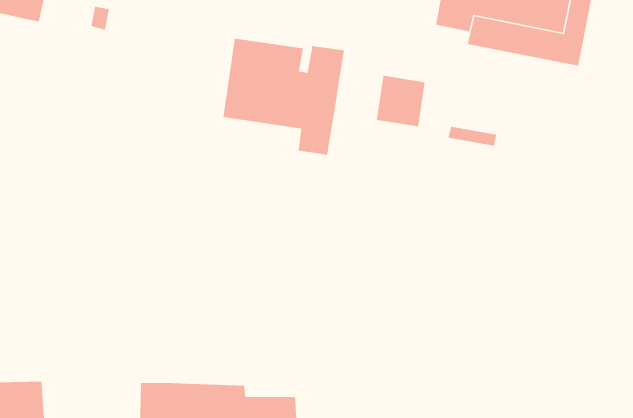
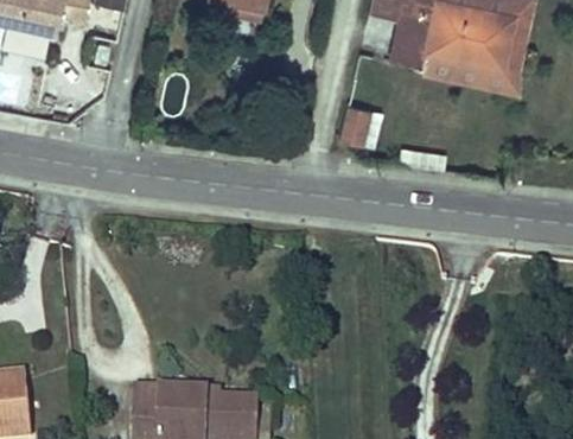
building: [222,38,345,156] -> none

